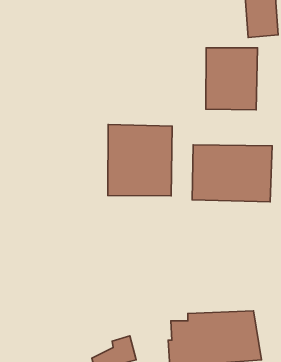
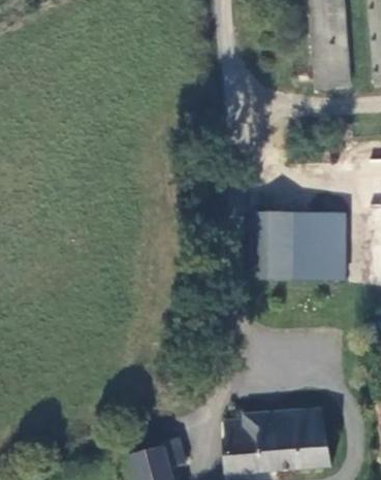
building: [206,48,258,110] -> none
building: [108,124,172,196] -> none

